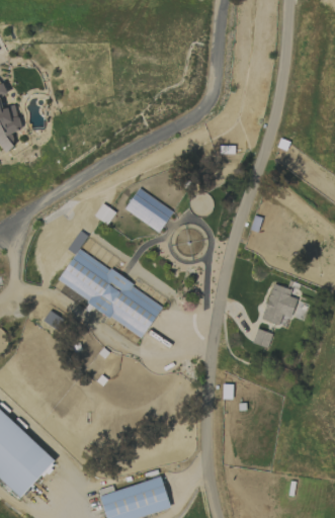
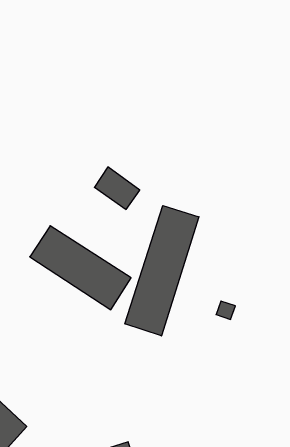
building: none -> [125,206,199,336]
building: [262,284,298,326] -> none

